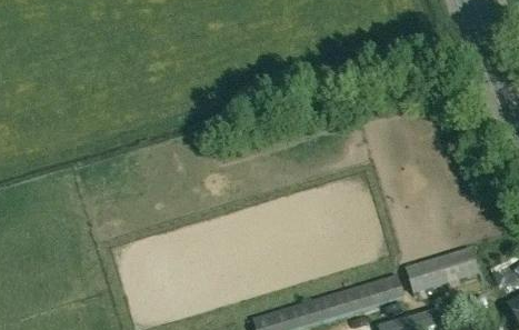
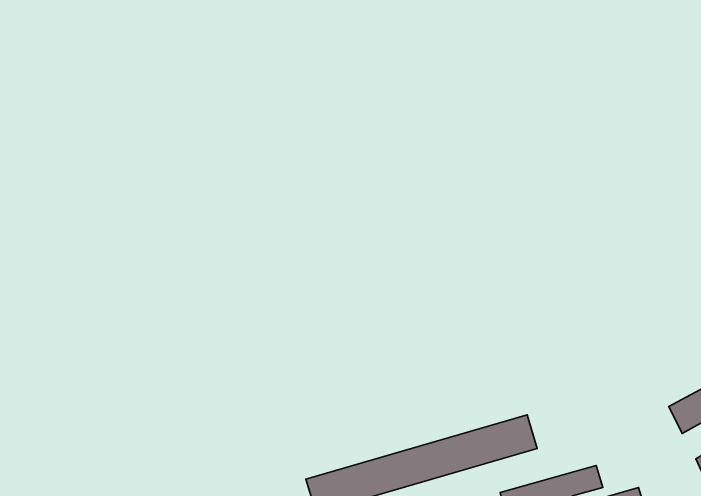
building: [406,248,480,294] -> none

